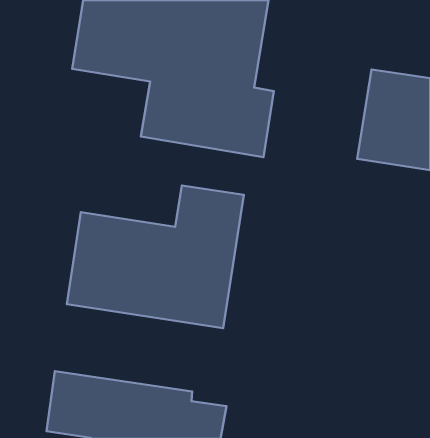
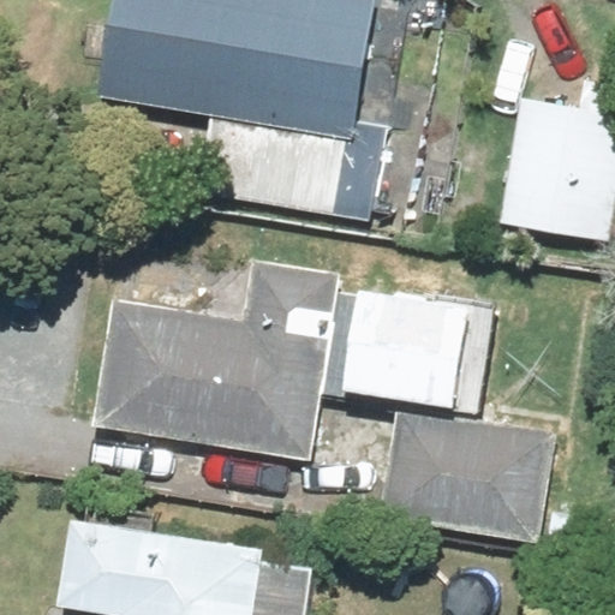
building: none -> [352,289,478,407]
building: none -> [378,406,556,544]

